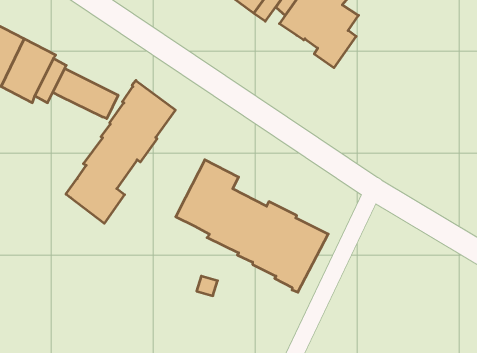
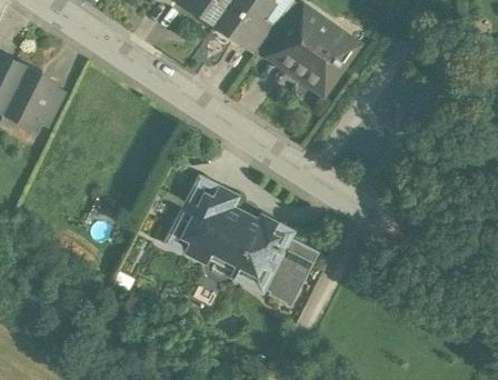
building: [53,68,118,119] -> none
building: [66,80,175,223] -> none

